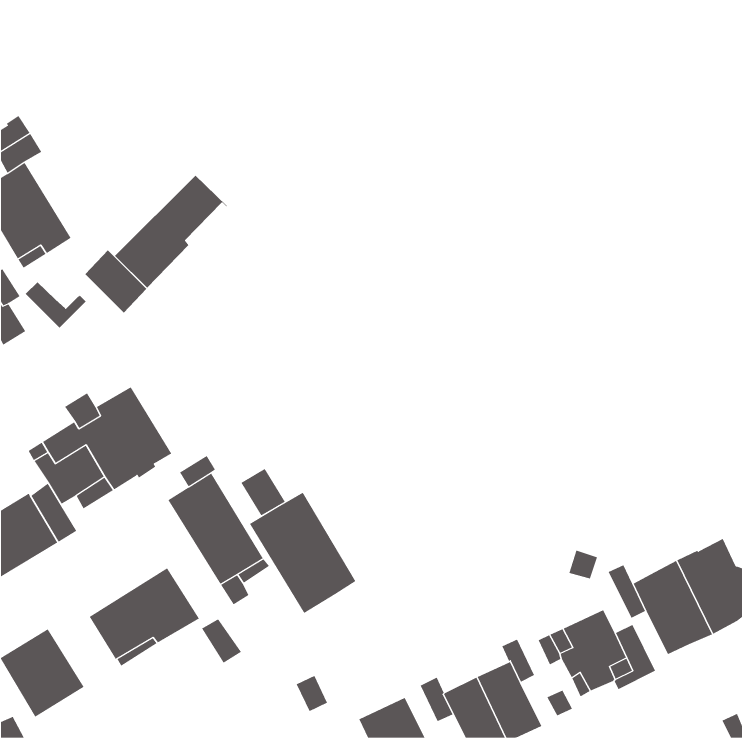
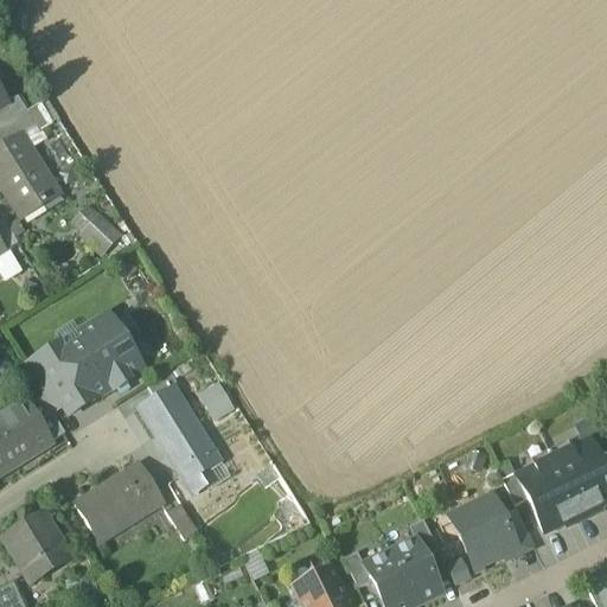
building: [114,175,228,289] -> none
building: [25,281,86,328] -> none
building: [249,492,356,614] -> none

